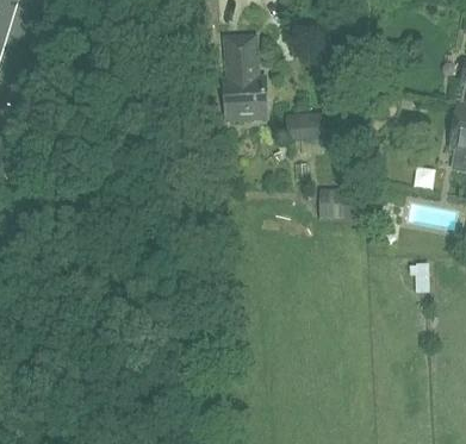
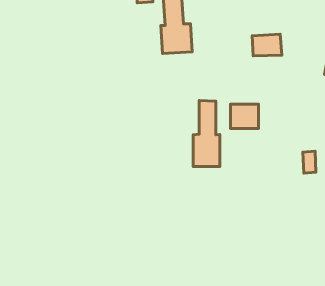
building: [285,111,325,140] -> [252,34,282,56]
building: none -> [193,100,220,167]

